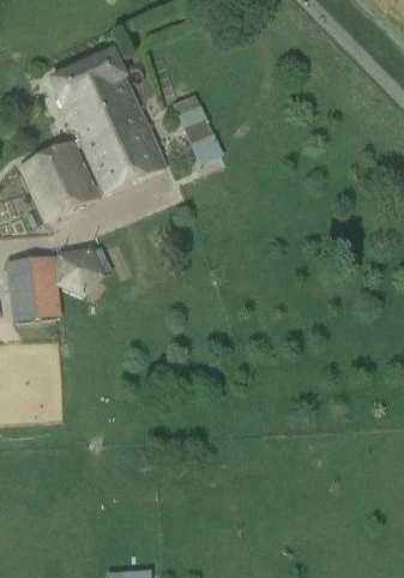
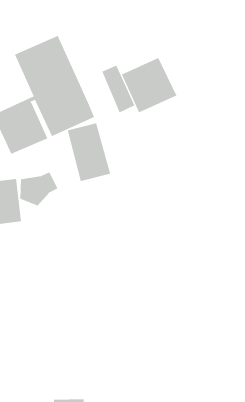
building: none -> [121,57,177,113]
building: none -> [67,122,111,182]

